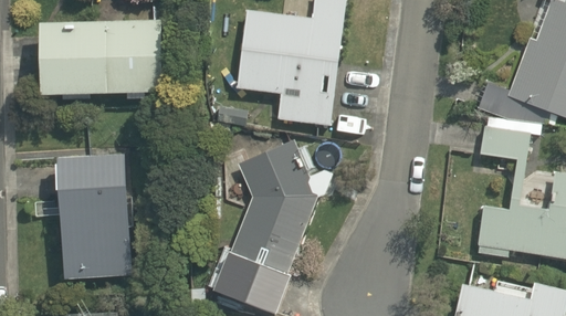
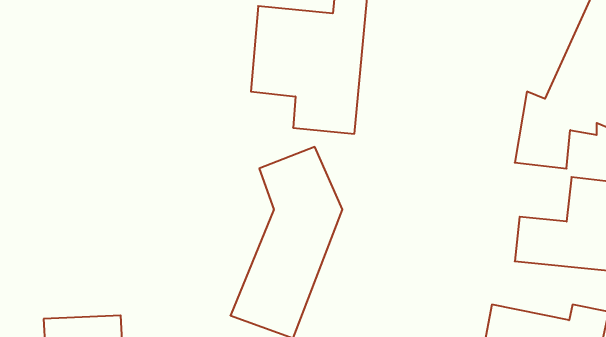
building: [35,19,163,94] -> none
building: [55,152,144,280] -> none

